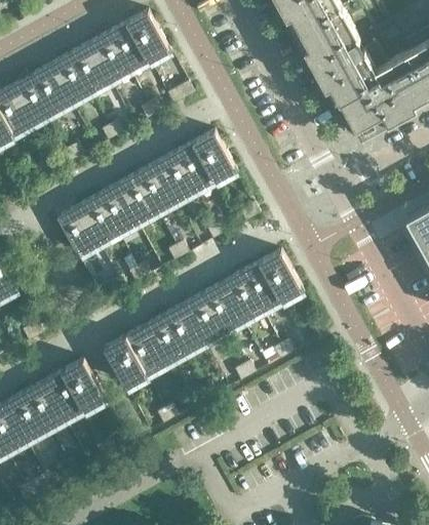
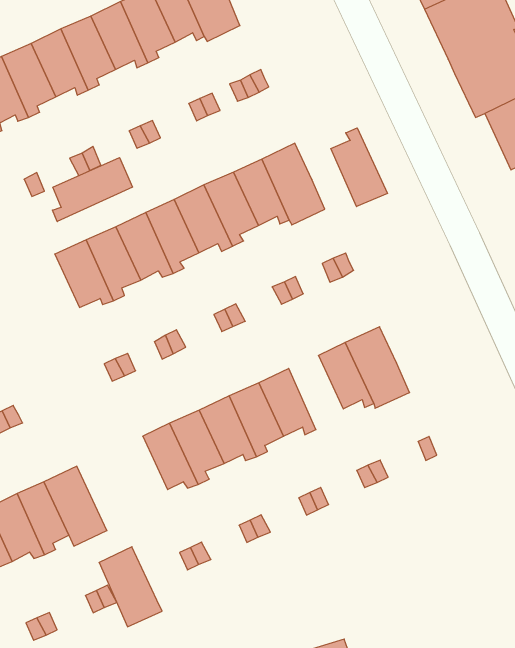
building: none -> [331,128,387,207]
building: none -> [52,158,133,222]
building: [221,274,260,324] -> none
building: [104,337,149,392] -> [99,547,162,627]

